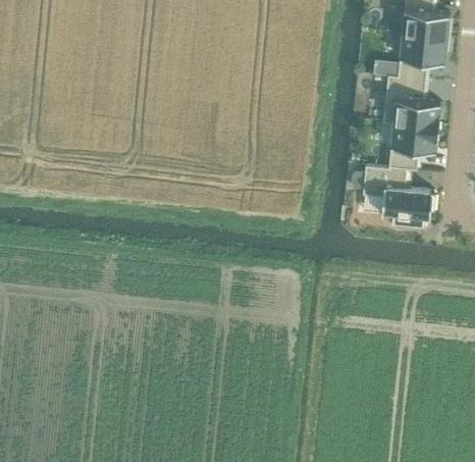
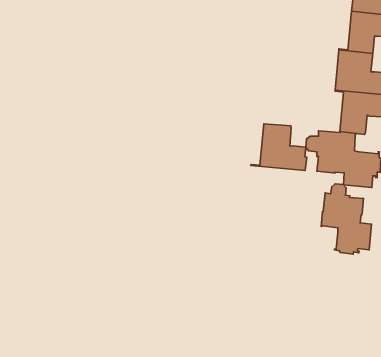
building: none -> [251,124,307,171]
building: none -> [321,184,372,254]

